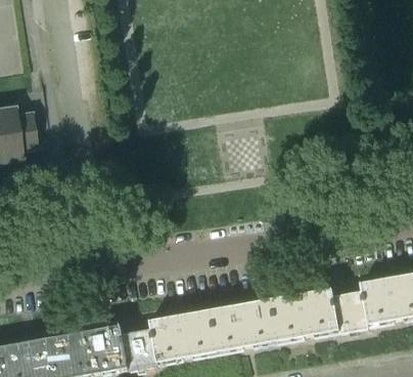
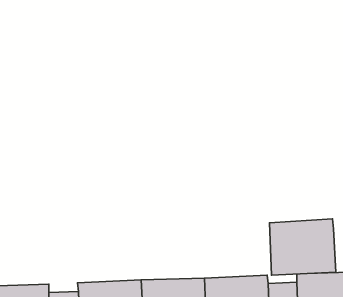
building: none -> [269,219,336,275]

